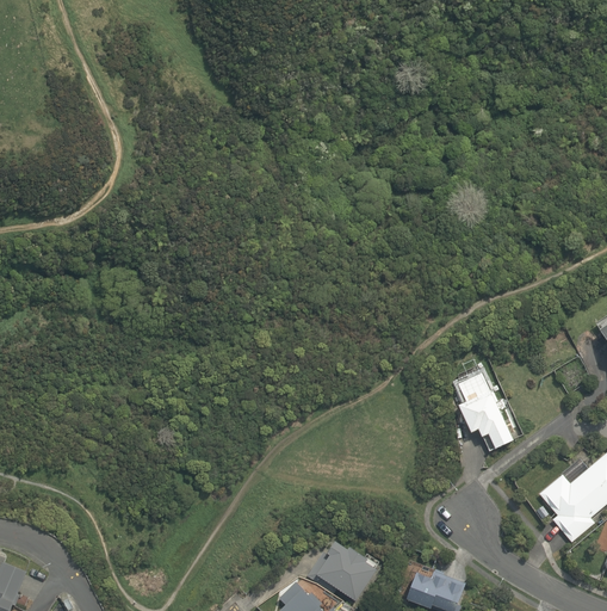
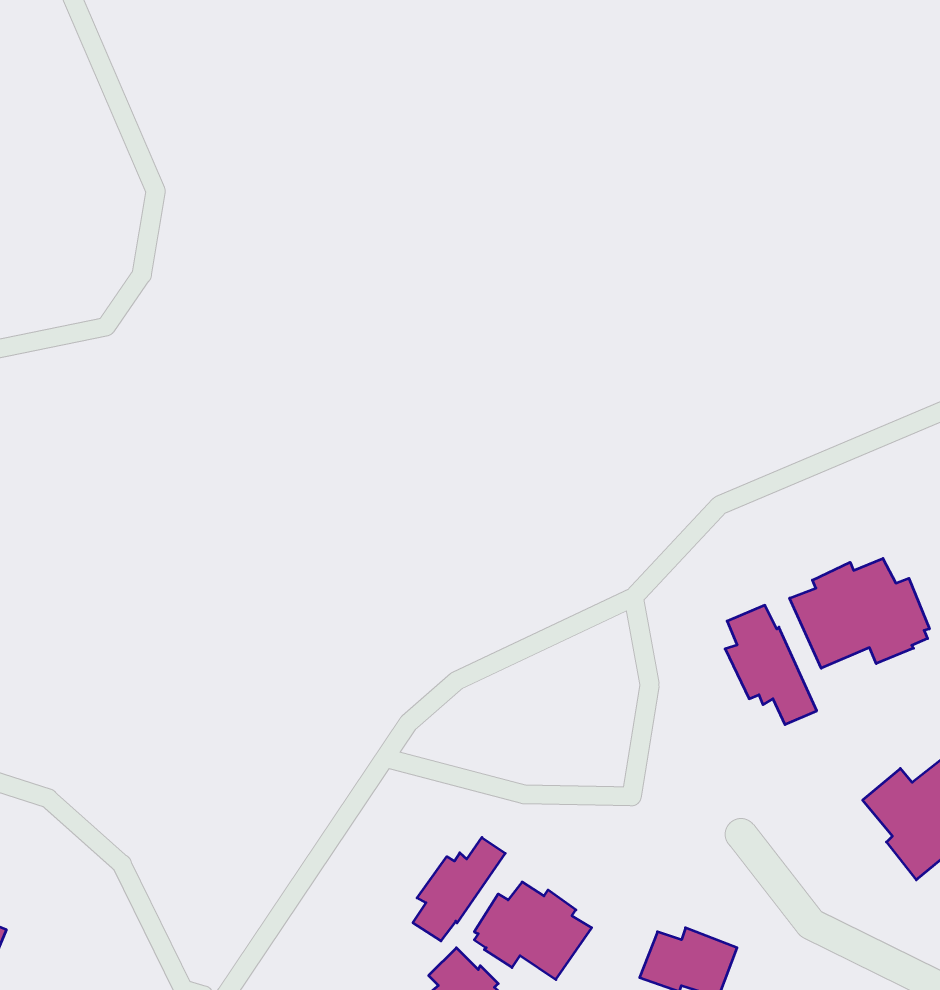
building: none -> [790,558,929,668]
building: none -> [413,837,505,941]

